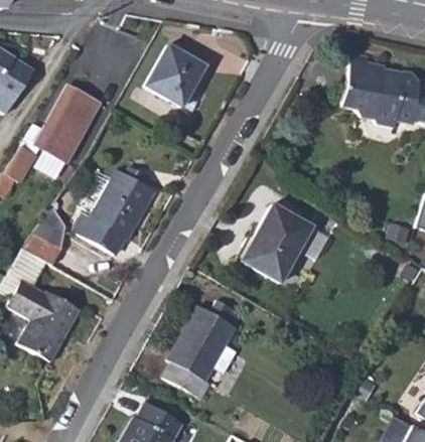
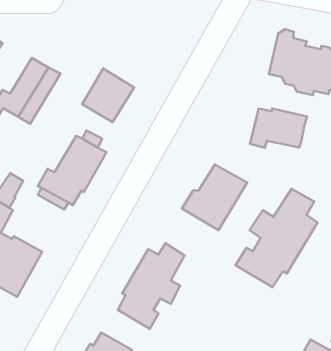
building: [150,39,210,102] -> [82,69,134,122]
building: none -> [250,108,307,148]
building: none -> [235,189,318,287]

